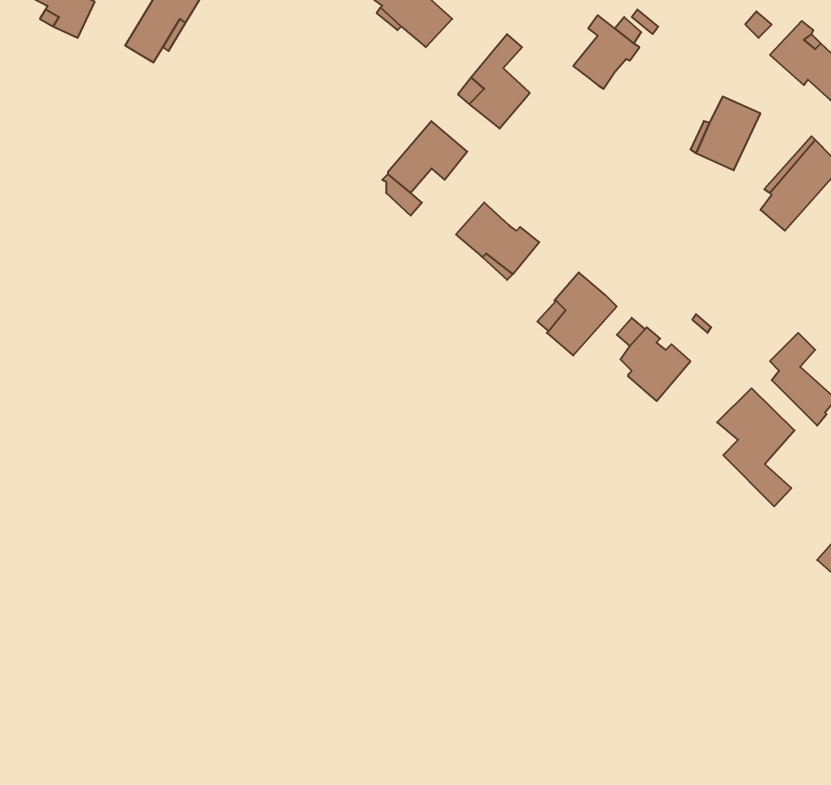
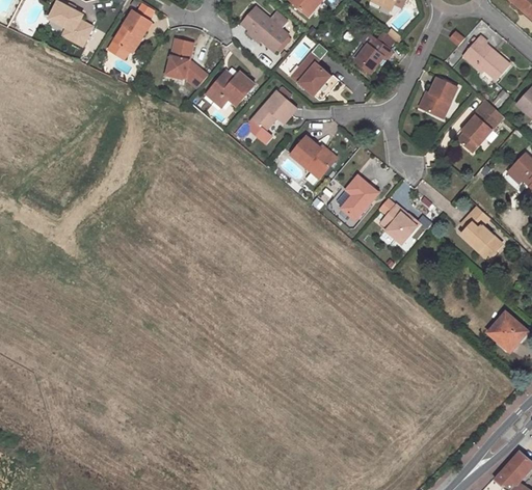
building: none -> [167,38,206,88]
building: none -> [206,72,254,107]
building: [717,388,795,506] -> none

